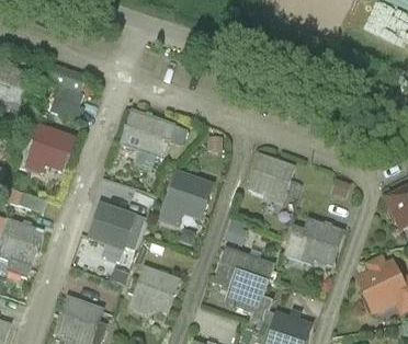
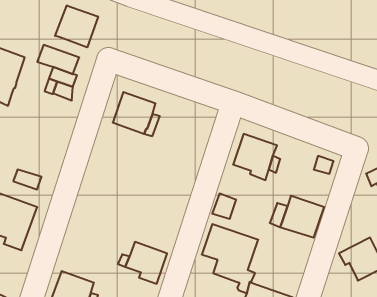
building: none -> [55,5,98,47]
building: [23,126,73,171] -> none
building: [160,173,211,223] -> none
building: [88,204,144,261] -> none

